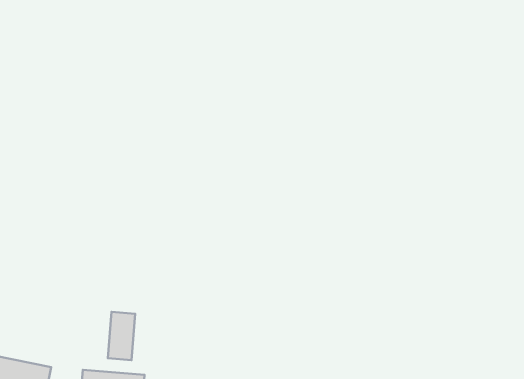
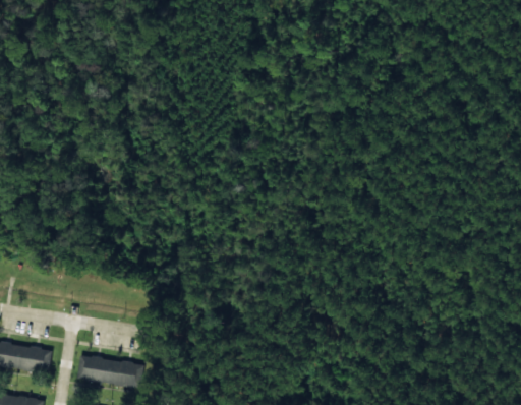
building: [108,312,135,360] -> none

